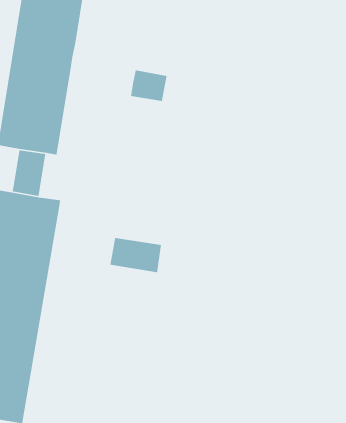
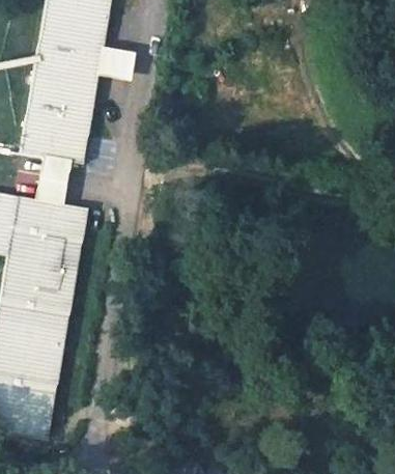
building: [130,69,167,102] -> [97,46,136,79]
building: [109,237,162,273] -> none

